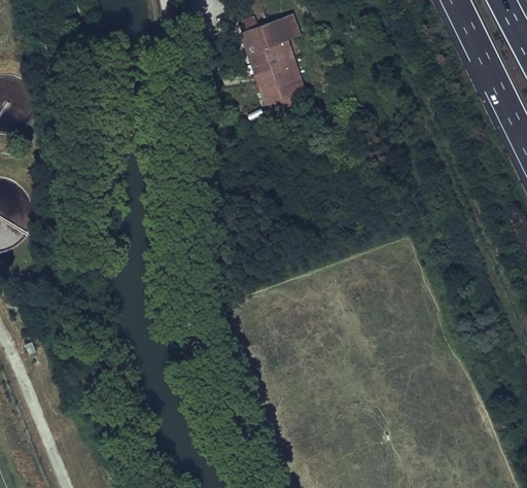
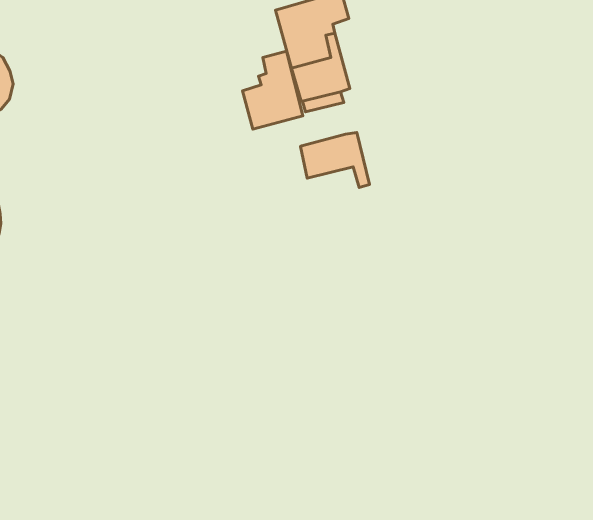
building: none -> [242,51,303,129]
building: none -> [300,132,370,187]

